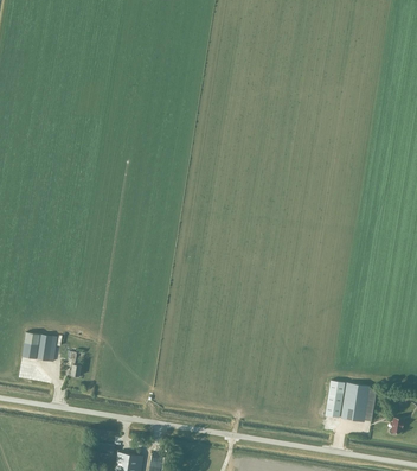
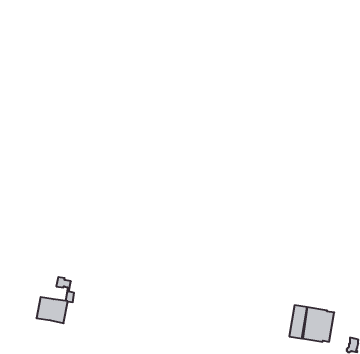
building: [25,333,60,363] -> [36,297,68,323]

